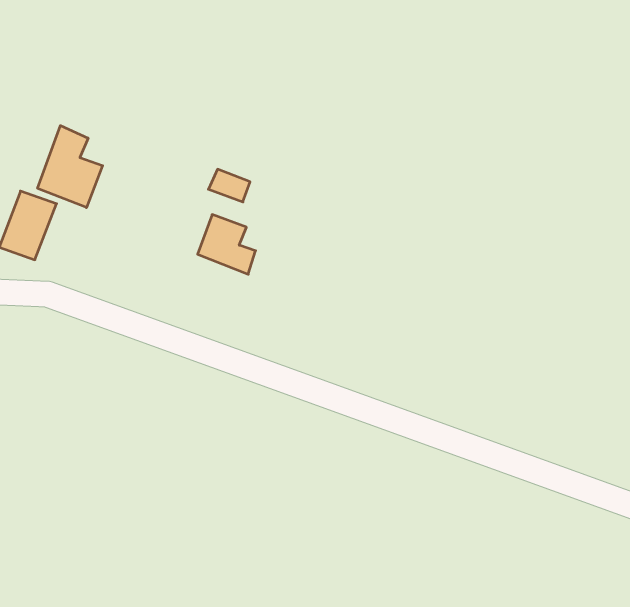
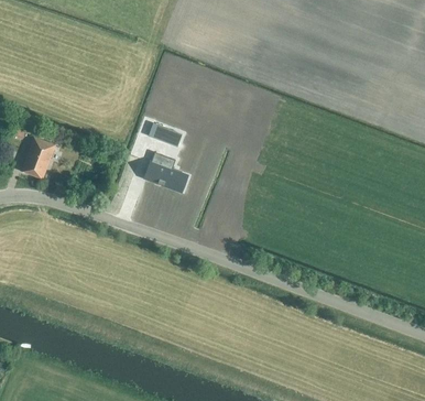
building: [38,126,103,208] -> none

